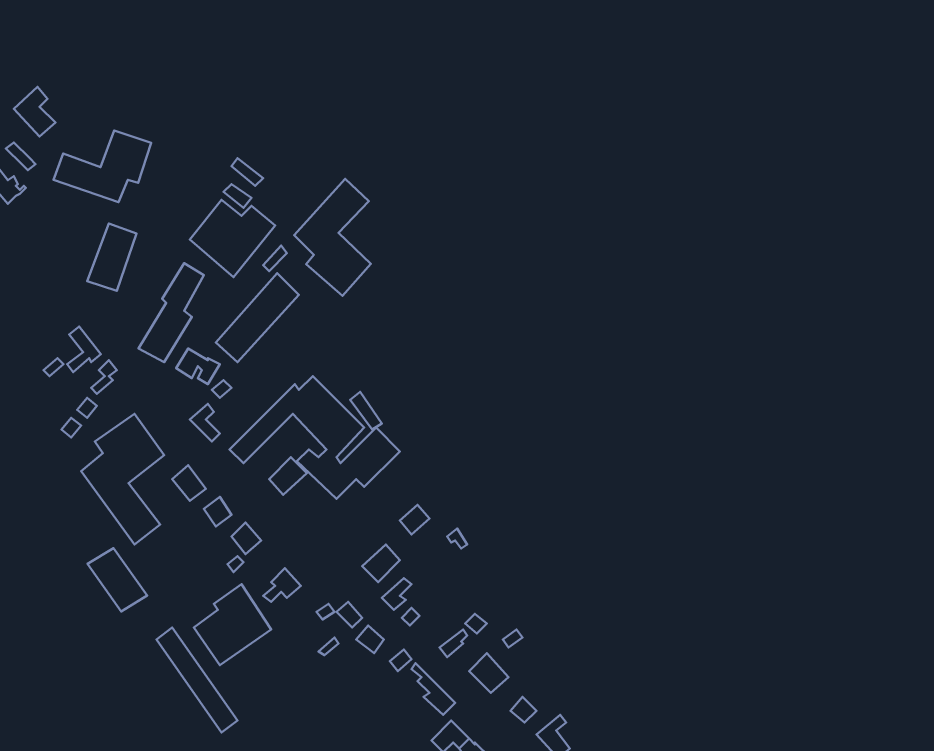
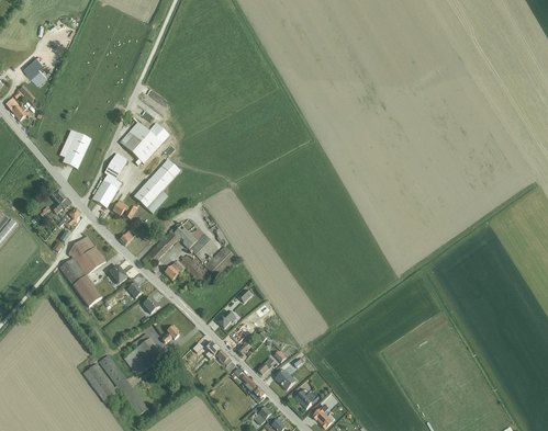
building: [54,131,151,202] -> none
building: [294,179,371,296] -> none
building: [88,548,147,611] -> [83,365,116,400]

